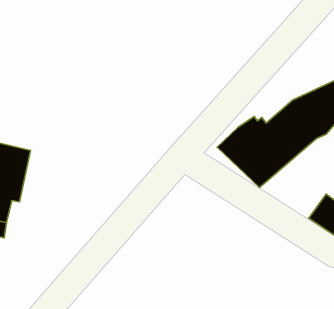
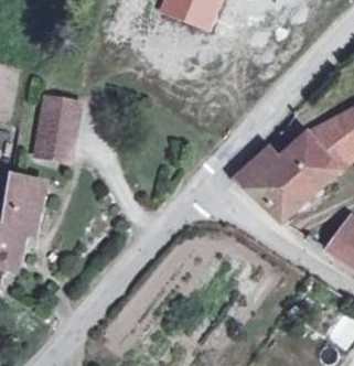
building: none -> [37,97,81,160]

